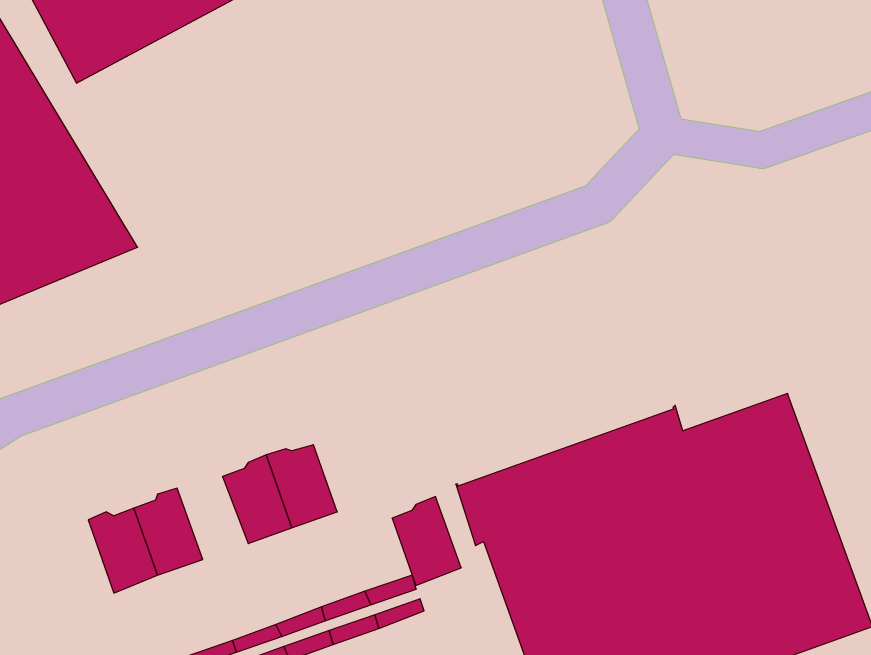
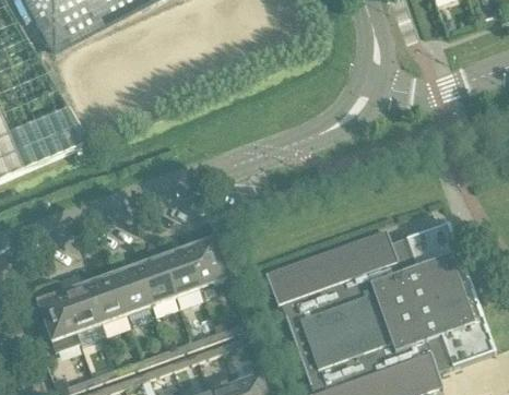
building: none -> [109,267,149,313]
building: [392,497,461,585] -> [185,238,223,287]
building: none -> [35,291,78,350]

